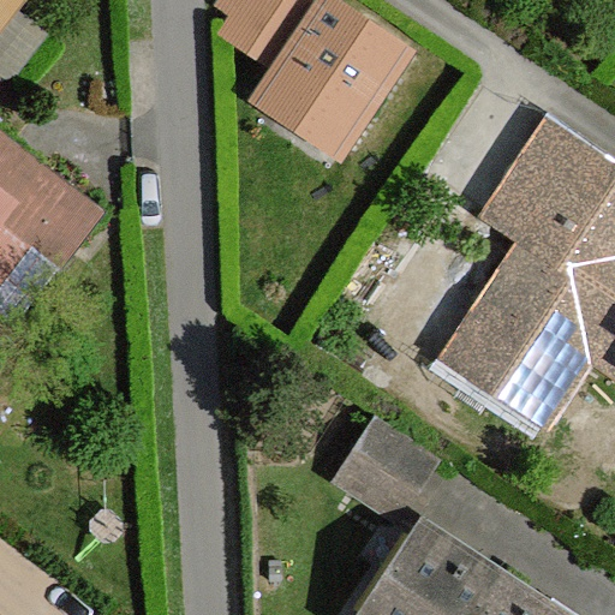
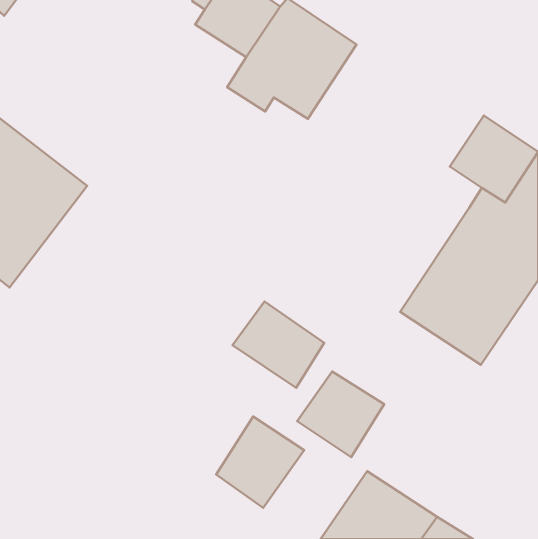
building: none -> [232,302,324,388]
building: none -> [216,416,304,508]

